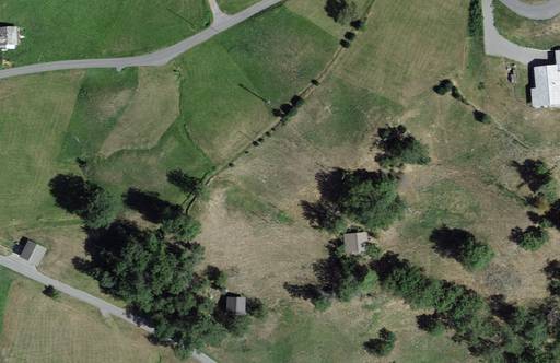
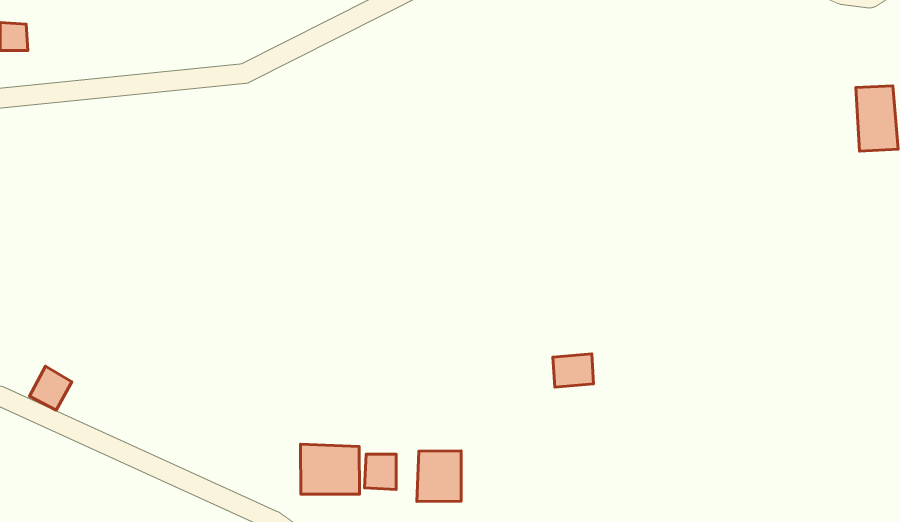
building: none -> [300,444,359,494]
building: none -> [417,451,461,501]

